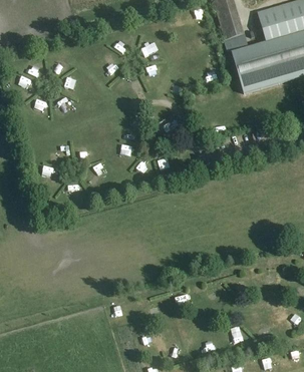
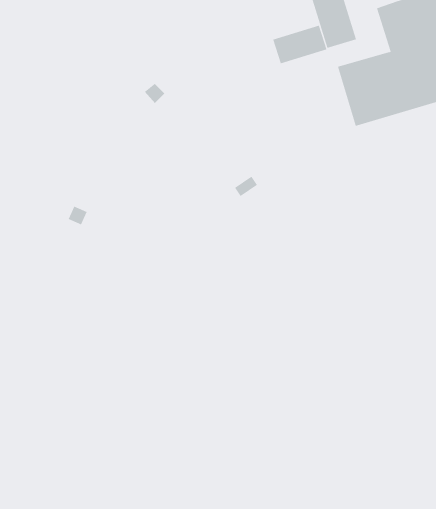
building: none -> [273,25,327,64]

